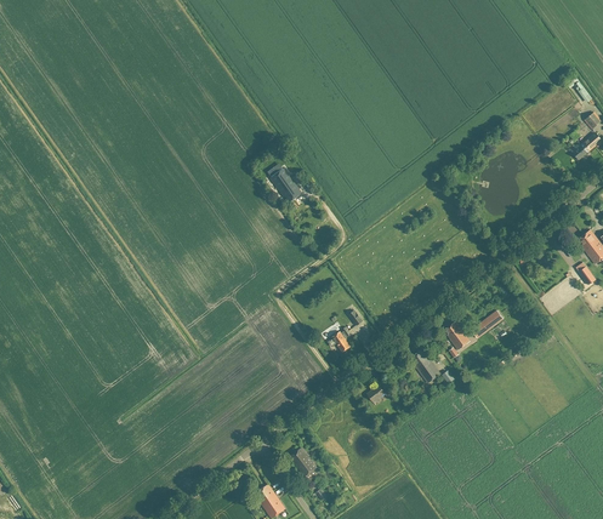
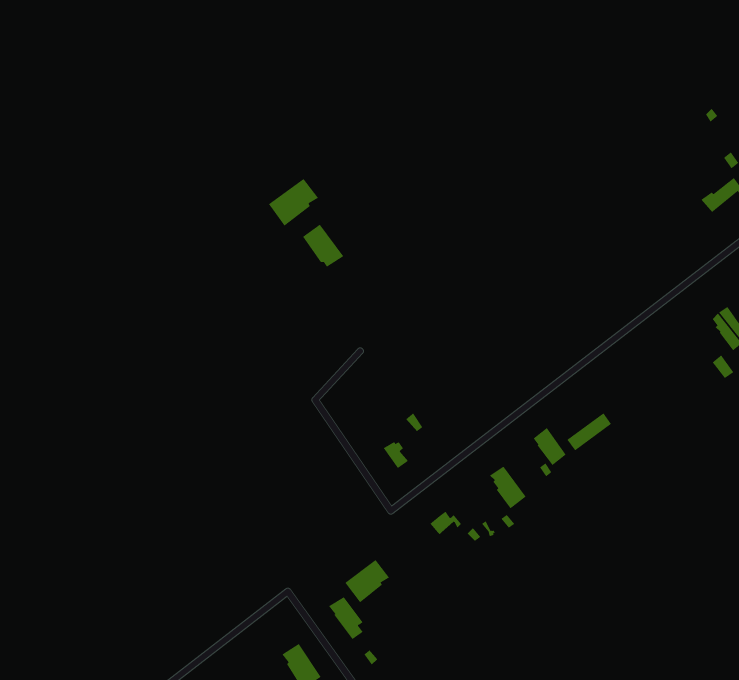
building: none -> [268,178,319,226]
building: none -> [345,559,390,603]

